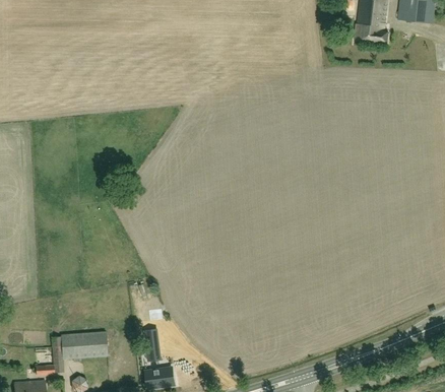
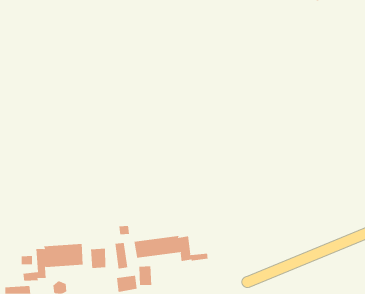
building: none -> [134,235,208,262]
building: none -> [91,248,106,269]

